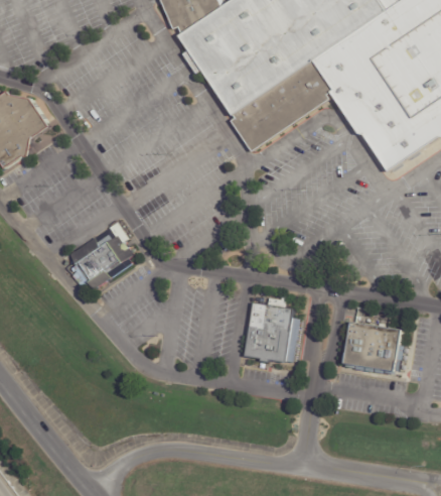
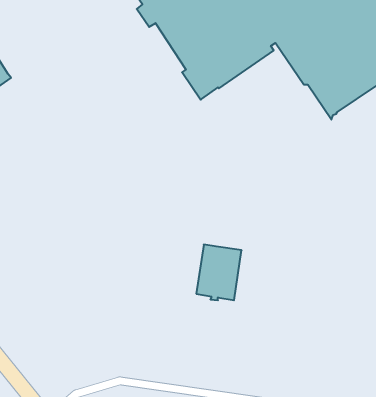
building: [69,223,132,291] -> none
building: [343,323,401,374] -> none

